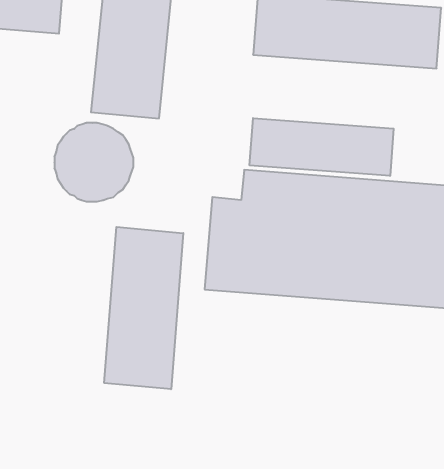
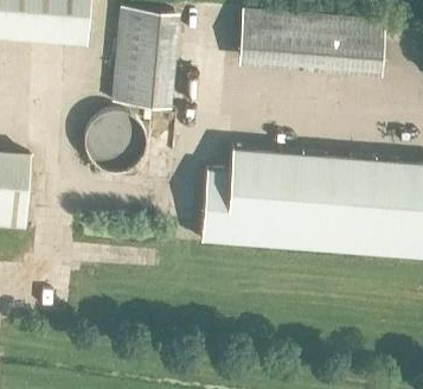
building: [250,118,394,176] -> none
building: [104,227,183,389] -> none

